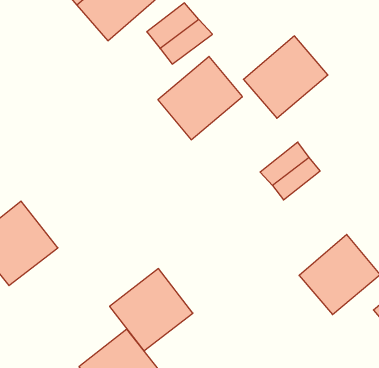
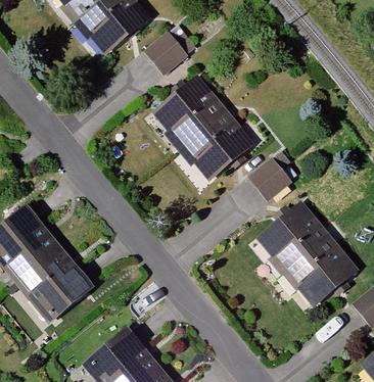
building: [243,36,328,118] -> [182,106,260,182]
building: none -> [251,198,325,271]
building: [110,269,193,351] -> [14,245,91,321]

